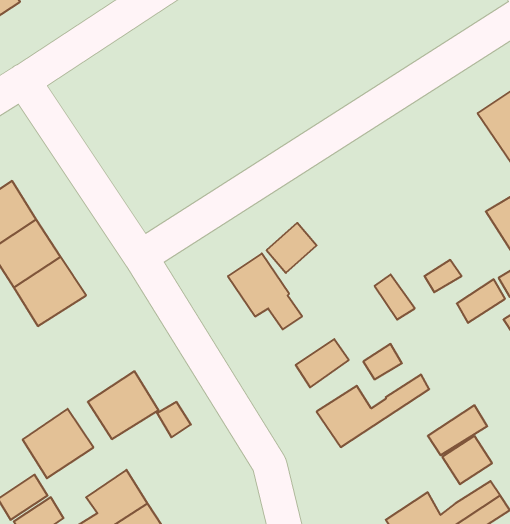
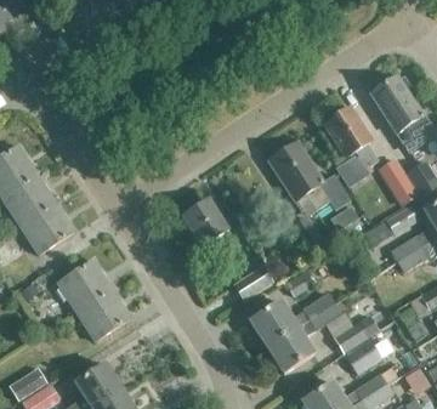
building: none -> [324,107,379,167]
building: none -> [268,141,350,209]
building: none -> [267,301,341,371]
building: [23,409,93,478] -> [58,259,112,311]

